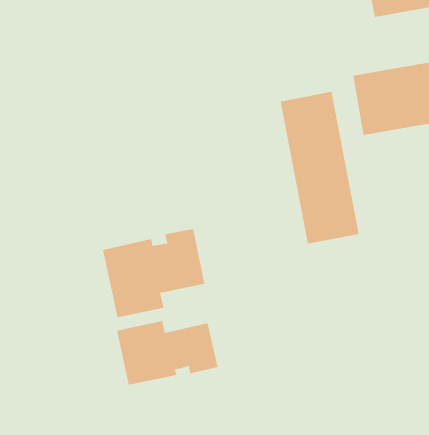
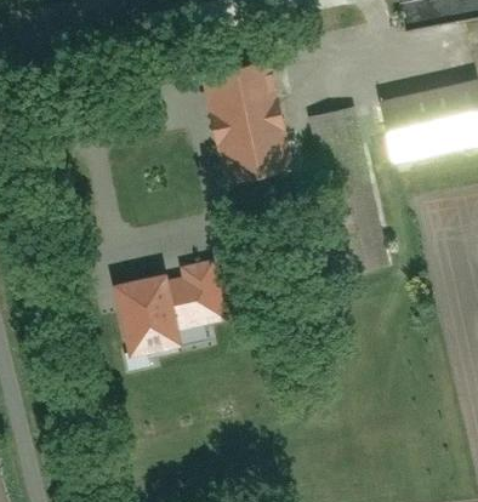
building: none -> [199,57,294,184]
building: [116,320,218,386] -> none

